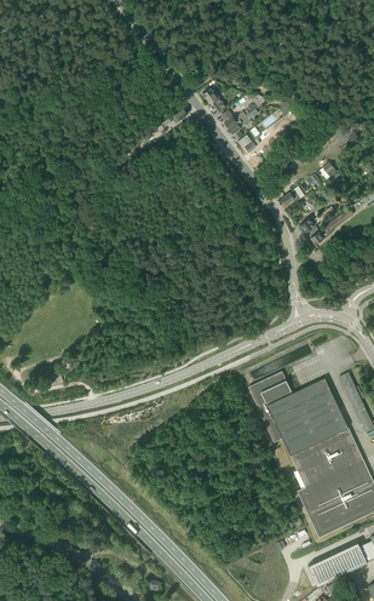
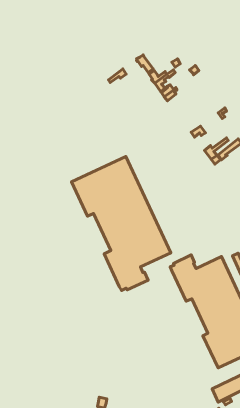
building: none -> [72,156,171,291]

